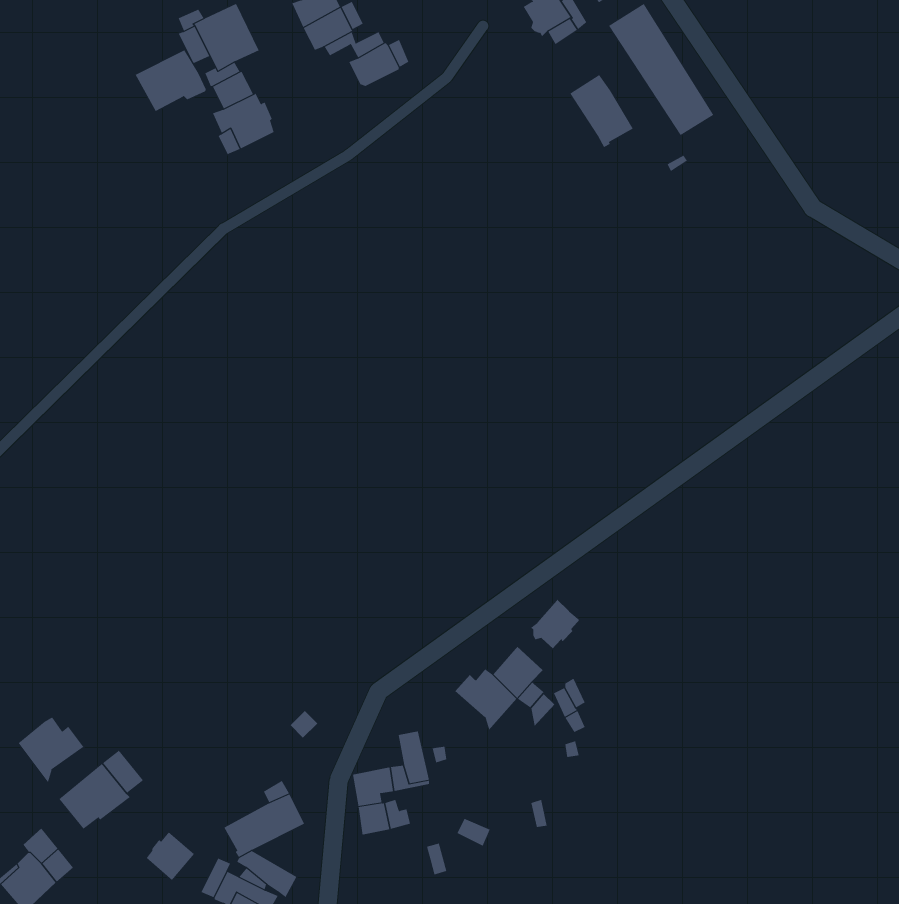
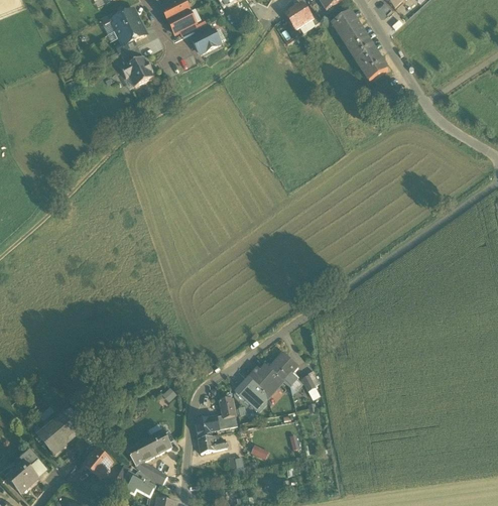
building: [135,50,206,112] -> none
building: [569,74,634,148] -> none
building: [530,598,580,649] -> none
building: none -> [235,375,268,409]
building: [18,716,84,783] -> none

